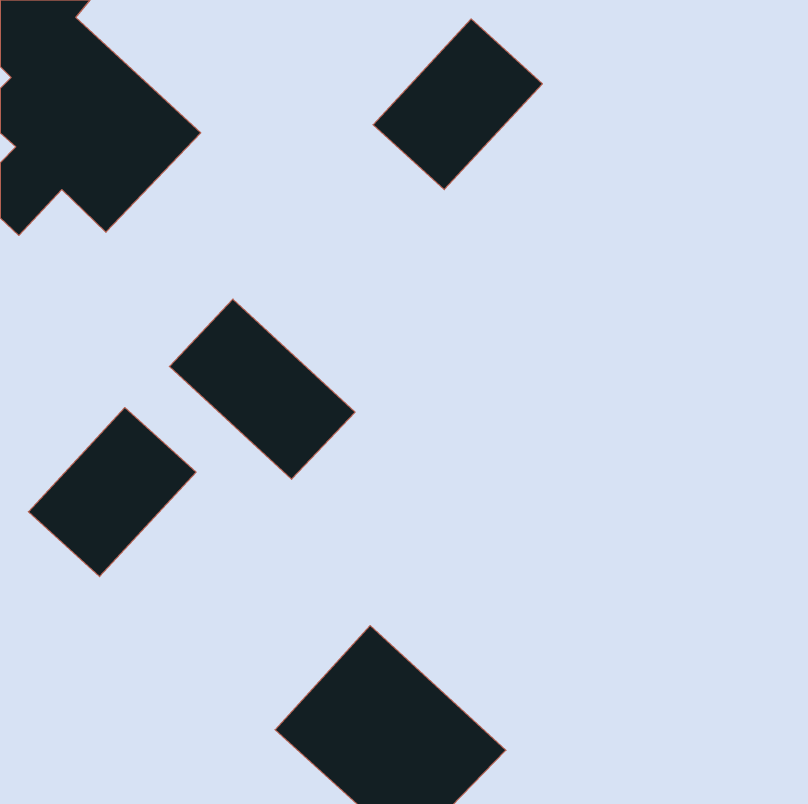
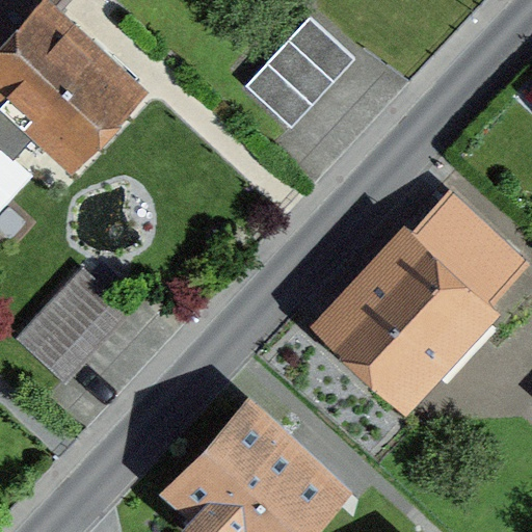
building: [169,299,355,479] -> none
building: none -> [337,204,513,387]

